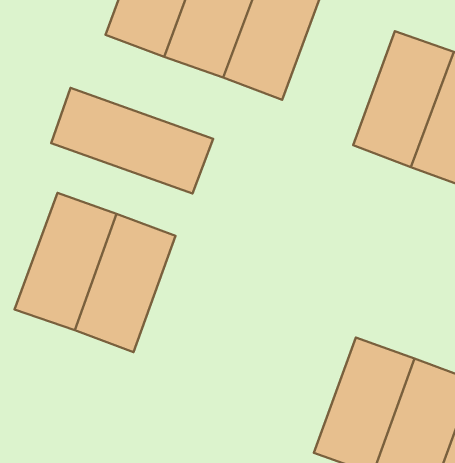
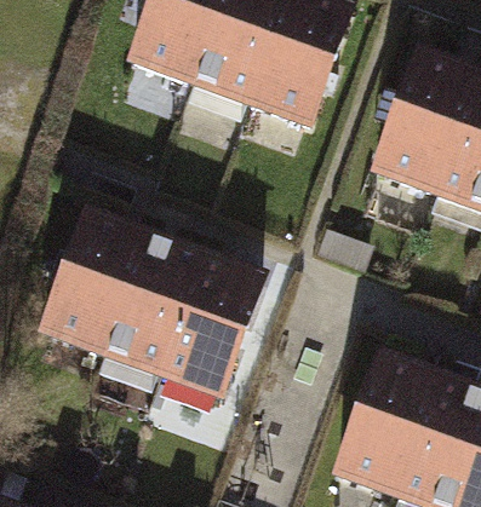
building: [51,88,213,193] -> none
building: none -> [148,258,259,428]

